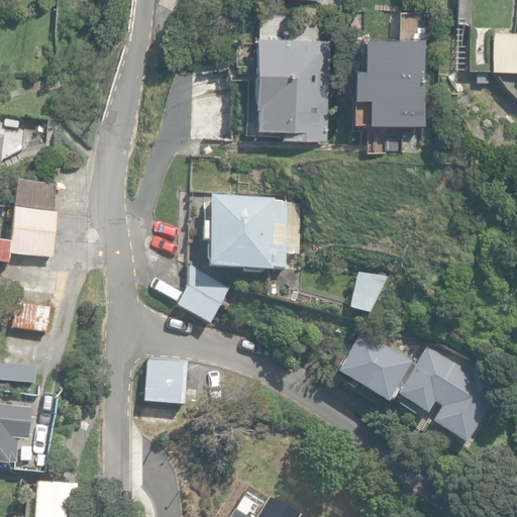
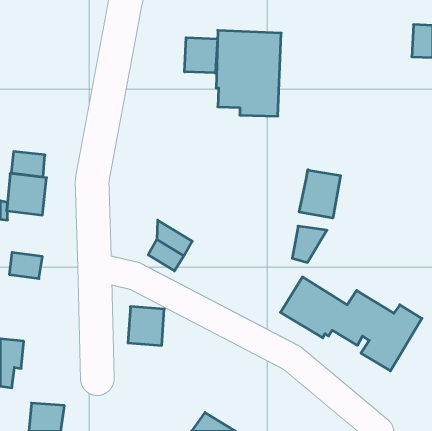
building: [350,31,423,147] -> none
building: none -> [185,38,217,73]
building: [202,198,287,270] -> none
building: none -> [299,170,341,218]

